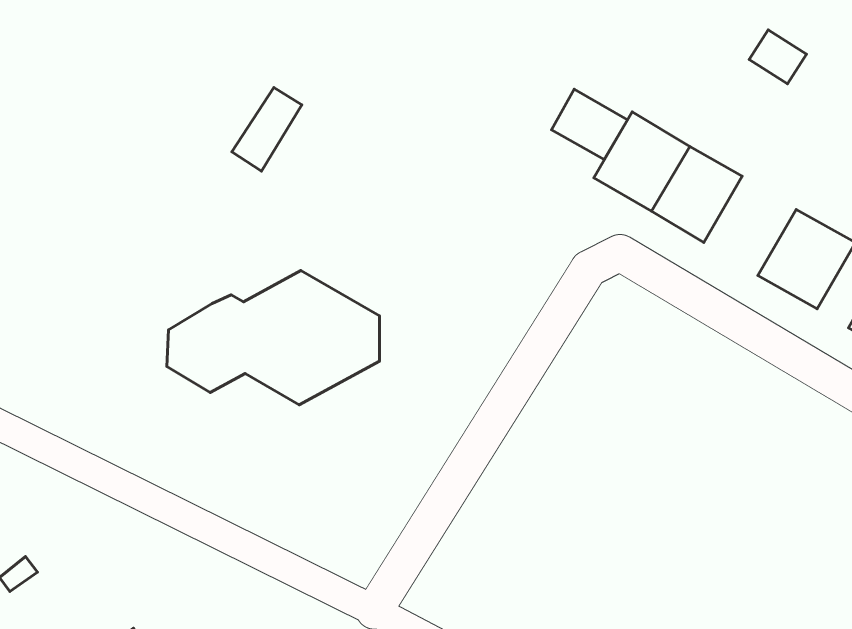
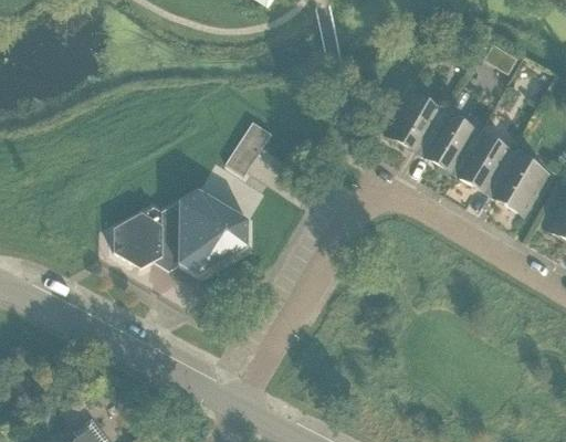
building: [232,87,302,171] -> [226,120,270,173]
building: [551,89,627,159] -> none
building: none -> [454,130,513,193]

